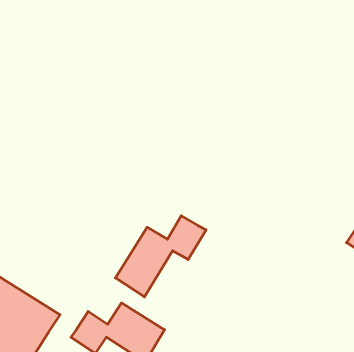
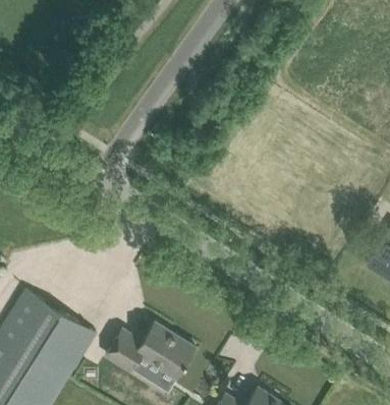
building: [115,216,206,297] -> none

